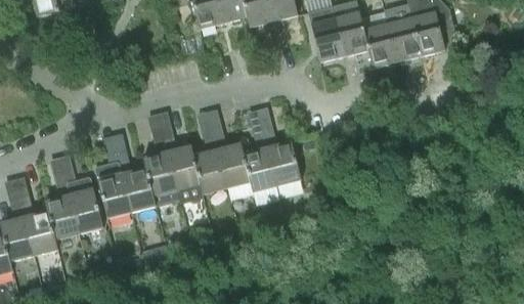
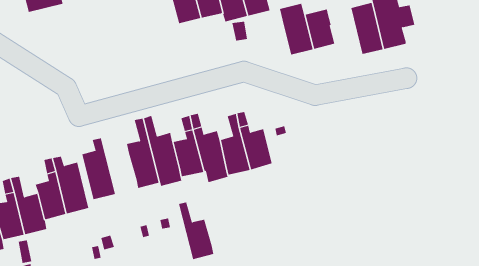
building: [360,11,396,68] -> none
building: [116,149,155,212] -> [178,202,214,260]

